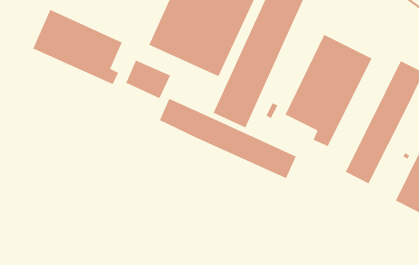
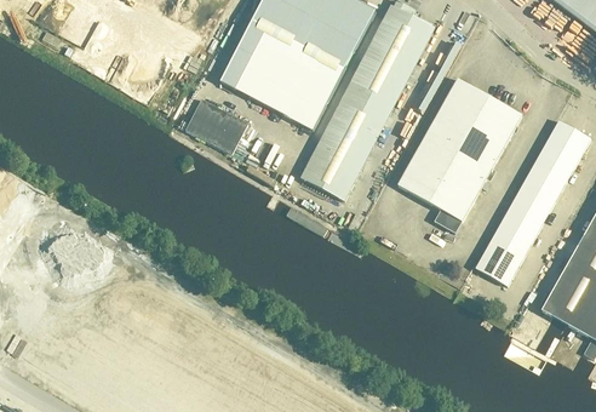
building: [32,9,123,85] -> none
building: [159,98,297,179] -> none

